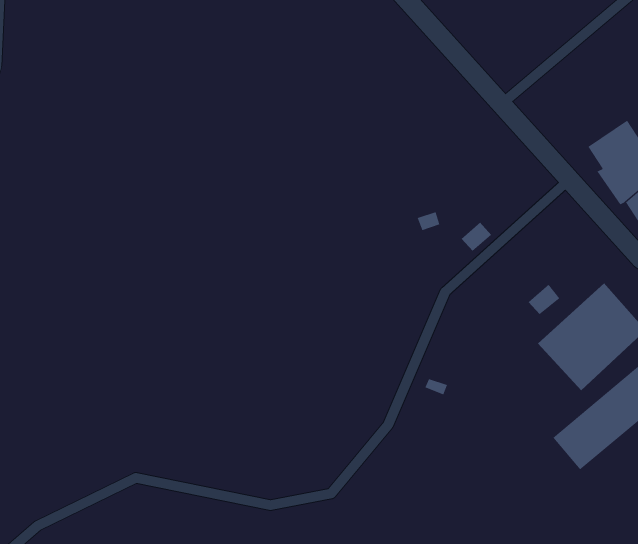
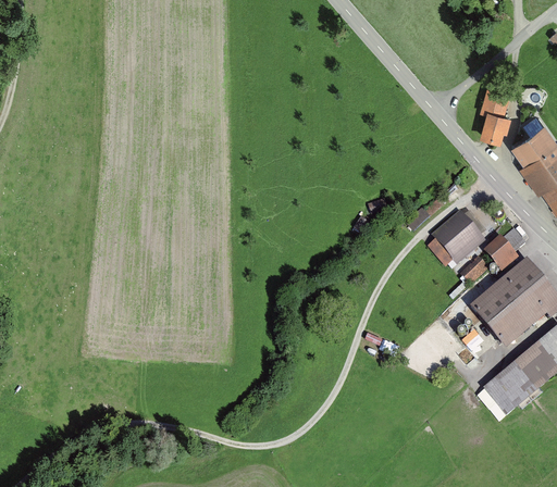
building: none -> [481,90,511,137]
building: none -> [429,210,485,265]
building: none -> [482,234,518,270]

